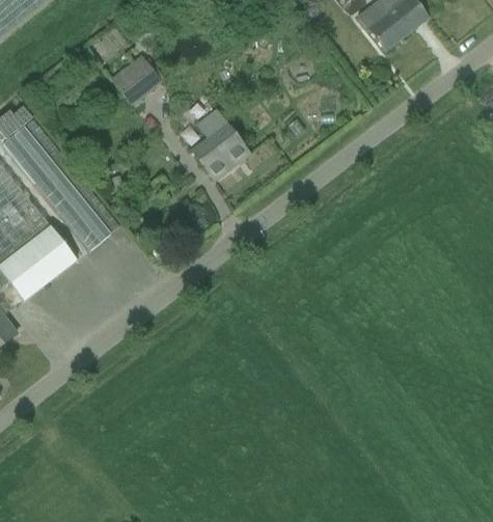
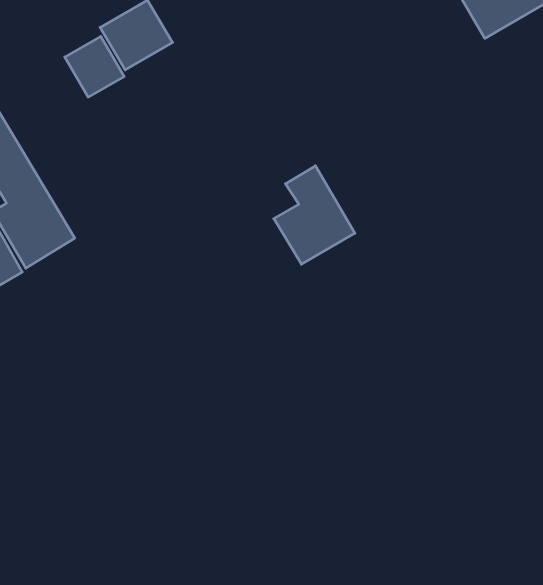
building: none -> [65,36,124,97]
building: [190,108,249,180] -> [274,166,355,264]

